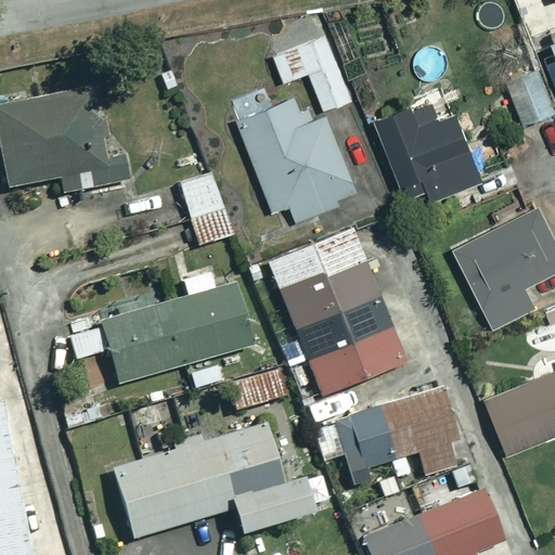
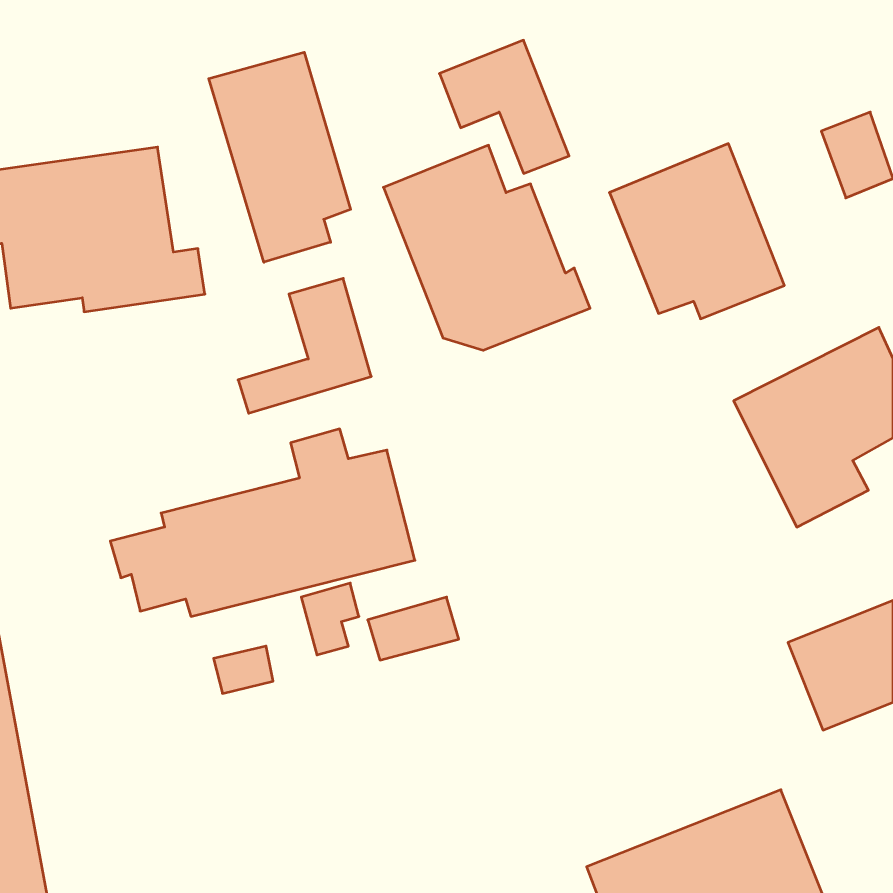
building: none -> [209,52,351,262]
building: [267,229,404,397] -> none
building: [333,390,459,474] -> none
building: [113,424,330,538] -> none

